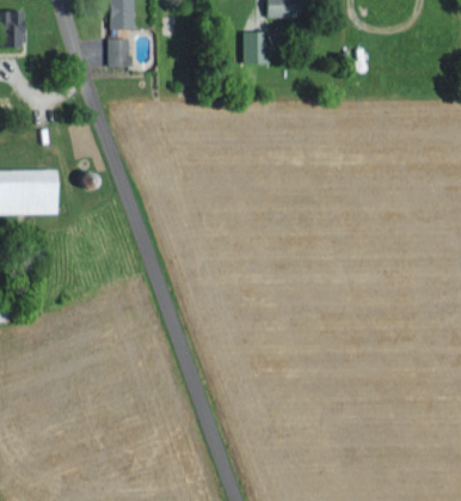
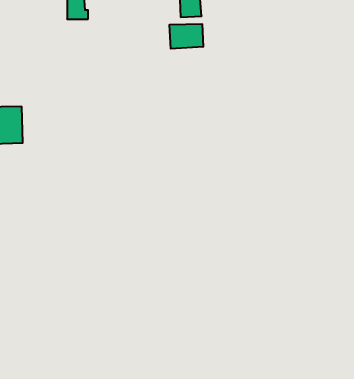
building: none -> [170,24,203,49]

